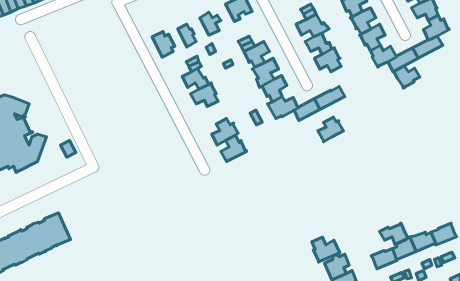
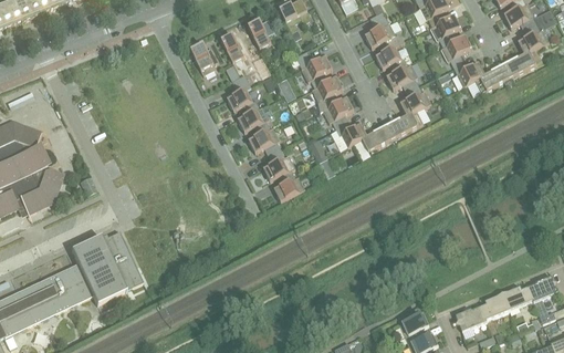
building: [394,66,420,88] -> none
building: none -> [248,126,280,155]
building: [318,117,344,142] -> [399,85,430,115]
building: none -> [71,230,143,303]
building: [380,223,408,244] -> none
building: [312,237,340,262] -> none

